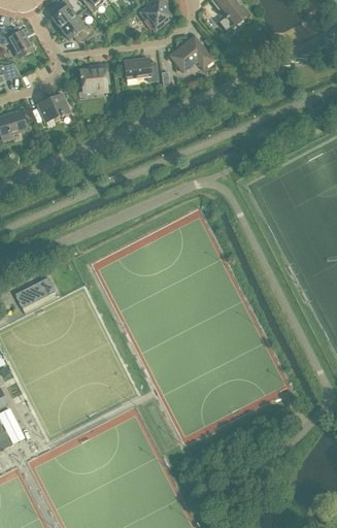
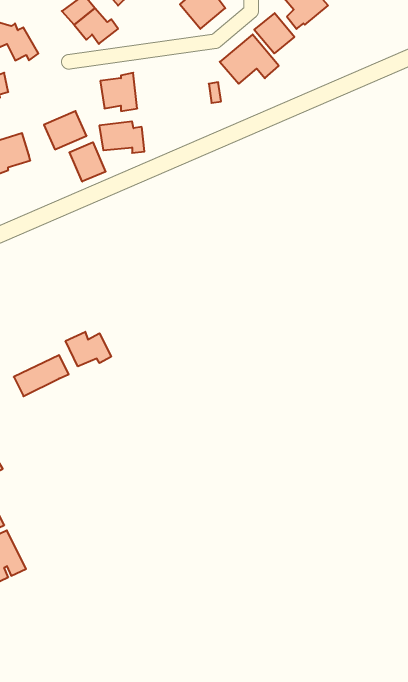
building: none -> [254,13,294,53]
building: [124,58,158,81] -> [99,121,144,153]
building: none -> [69,142,106,182]
building: none -> [66,332,111,366]

